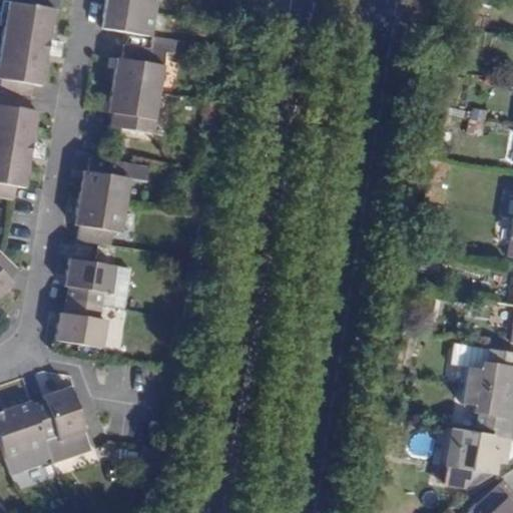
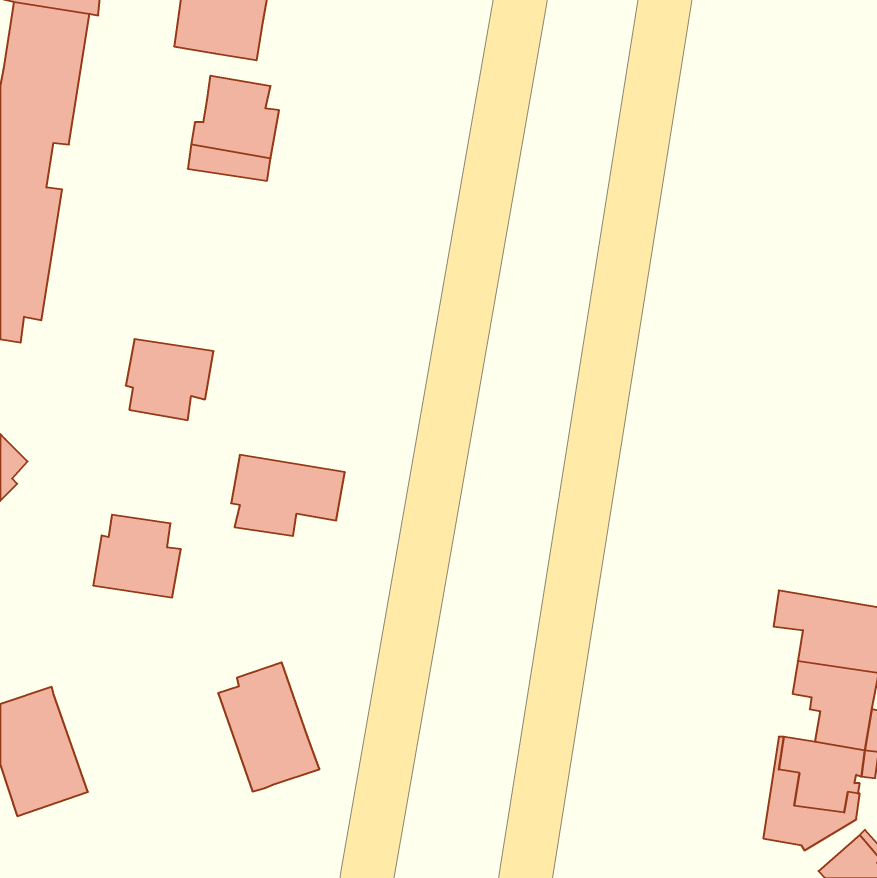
building: [109,98,157,133] -> none
building: [80,157,130,204] -> none
building: [65,258,131,305] -> [231,455,345,536]
building: [33,386,92,461] -> [218,662,320,791]

